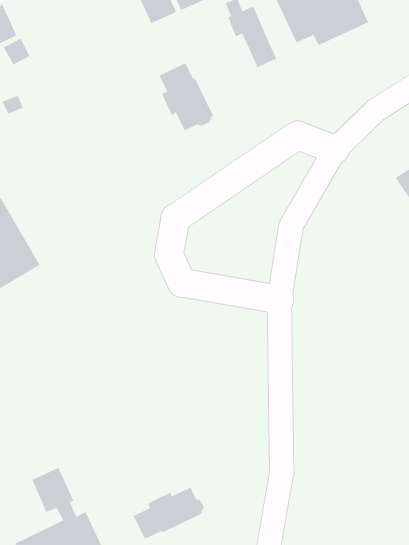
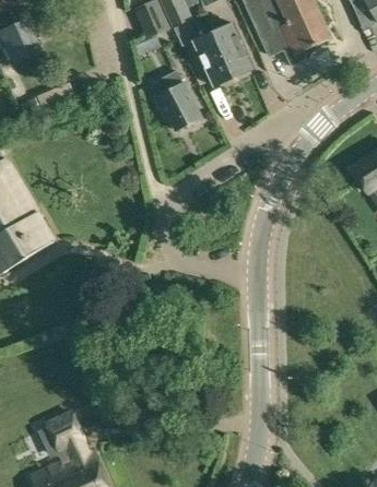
building: none -> [193,33,236,85]
building: [133,487,204,540] -> none

